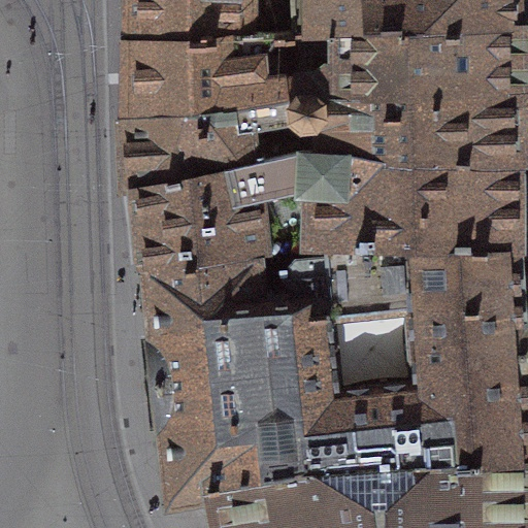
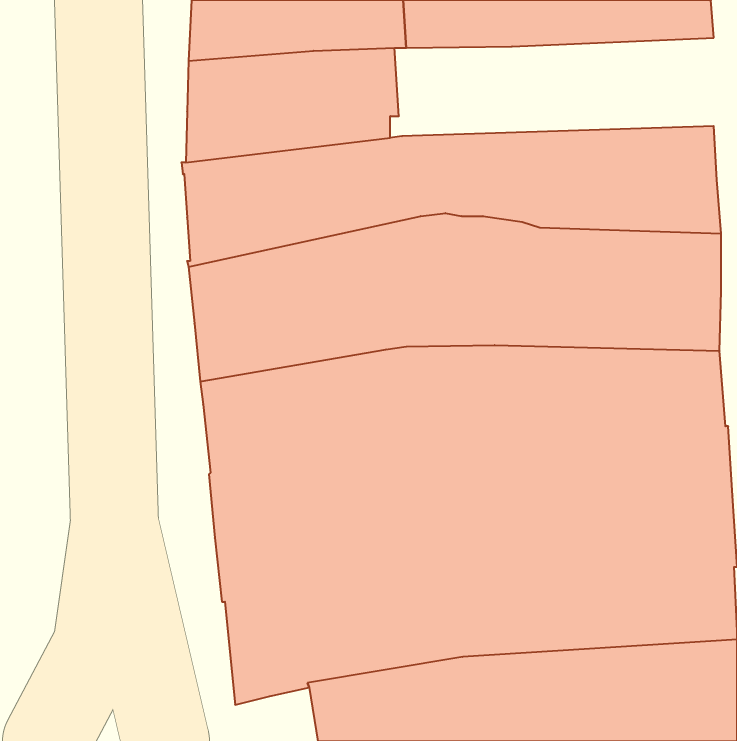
building: [277,27,507,98] -> none

